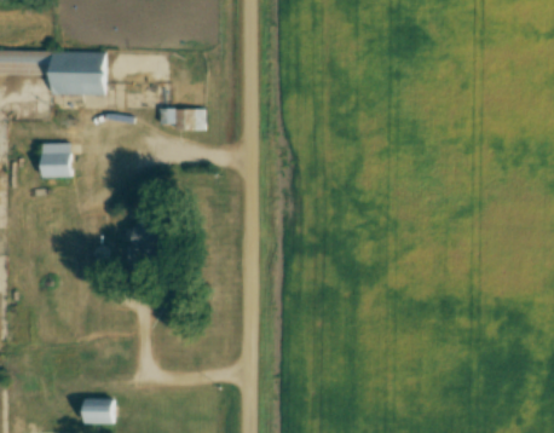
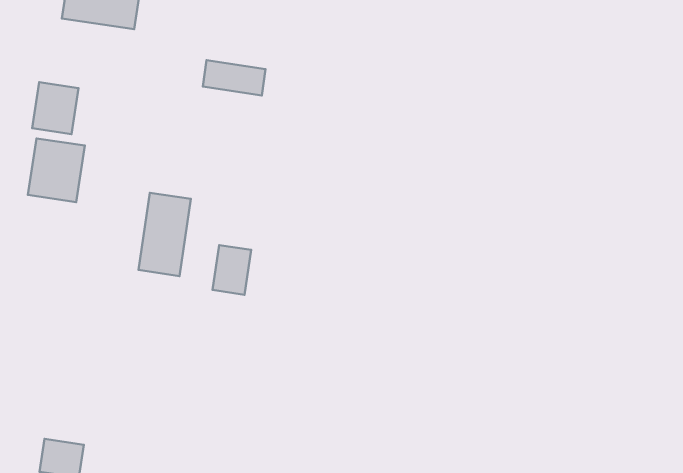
building: none -> [28,138,85,202]
building: none -> [213,245,251,295]

